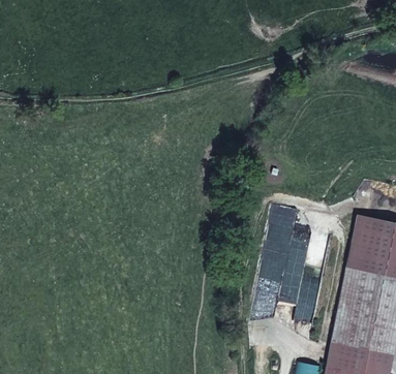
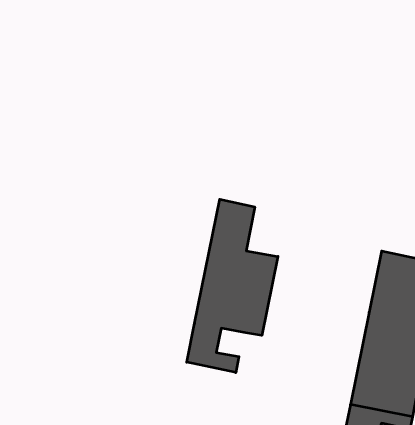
building: none -> [187,199,278,373]

